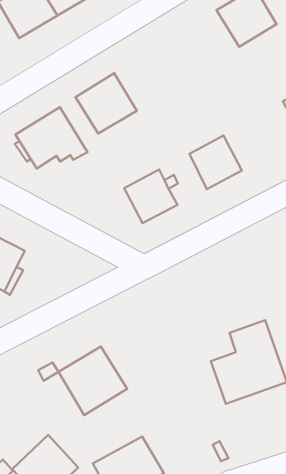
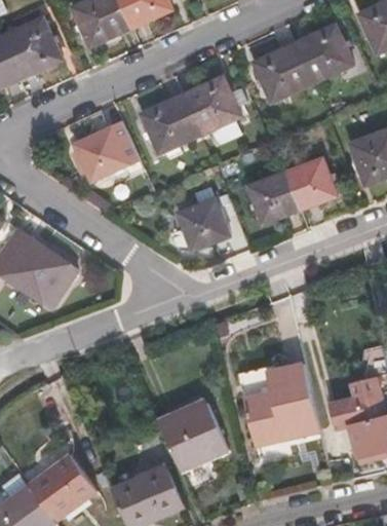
building: none -> [251,42,311,101]
building: none -> [181,75,241,135]
building: none -> [284,157,336,209]
building: [59,346,127,415] -> [159,403,227,471]

